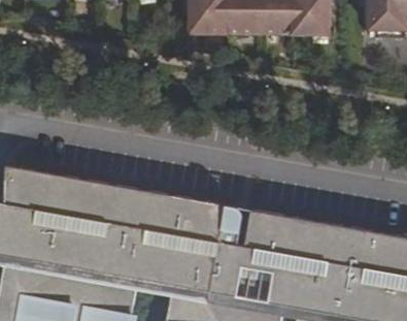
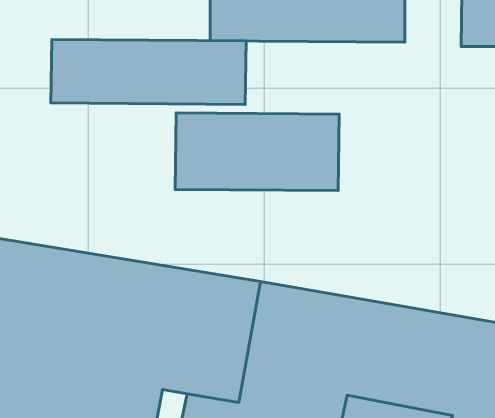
building: none -> [51,40,246,104]
building: none -> [175,113,339,191]

